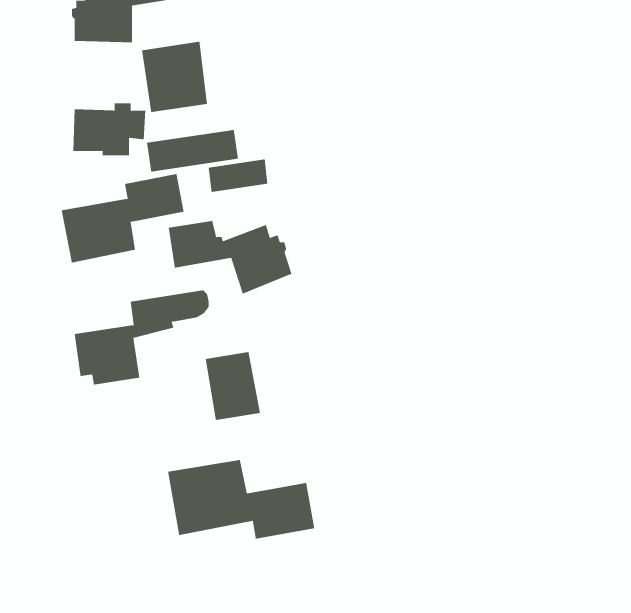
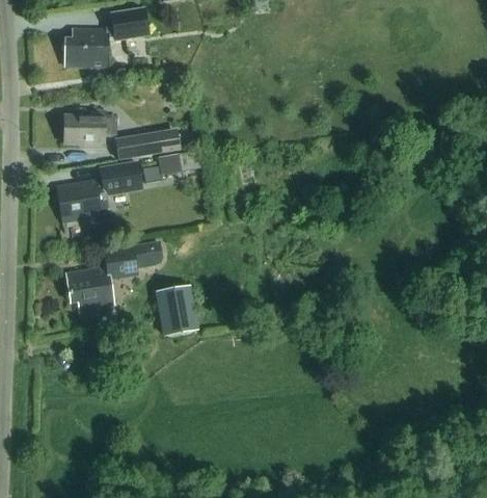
building: [141,41,208,113] -> none
building: [168,220,292,295] -> none
building: [168,459,315,539] -> none

